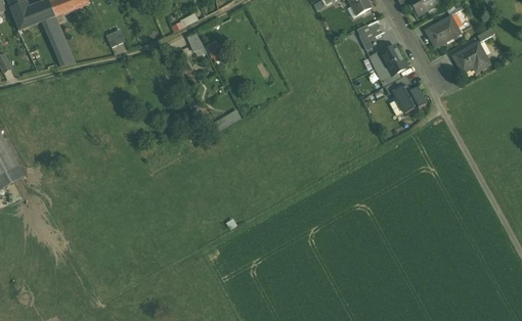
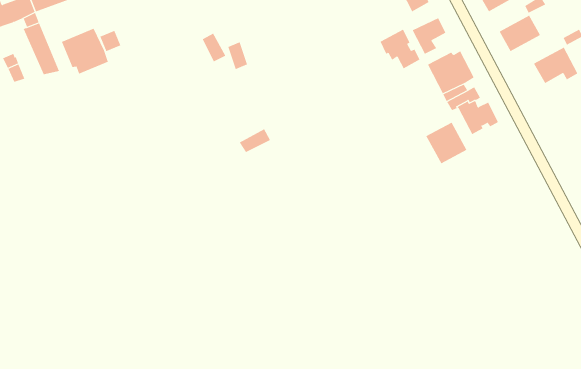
building: none -> [61,28,109,75]
building: none -> [379,29,420,69]
building: none -> [426,122,467,164]

